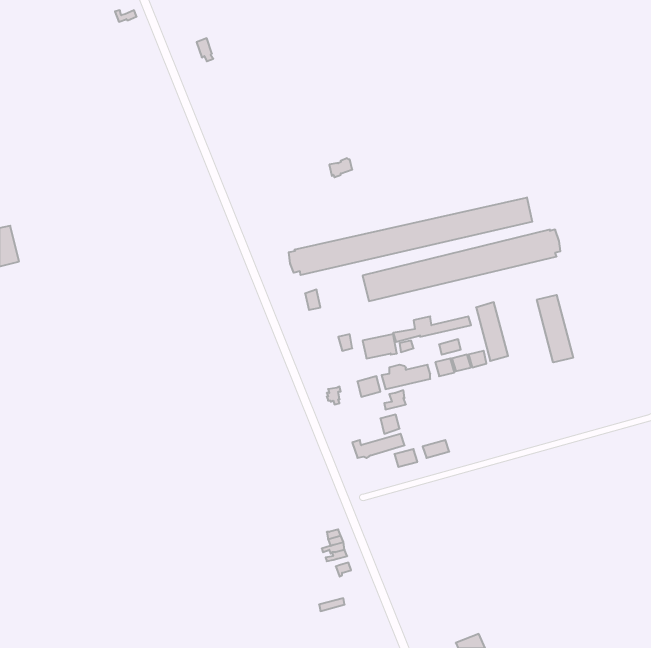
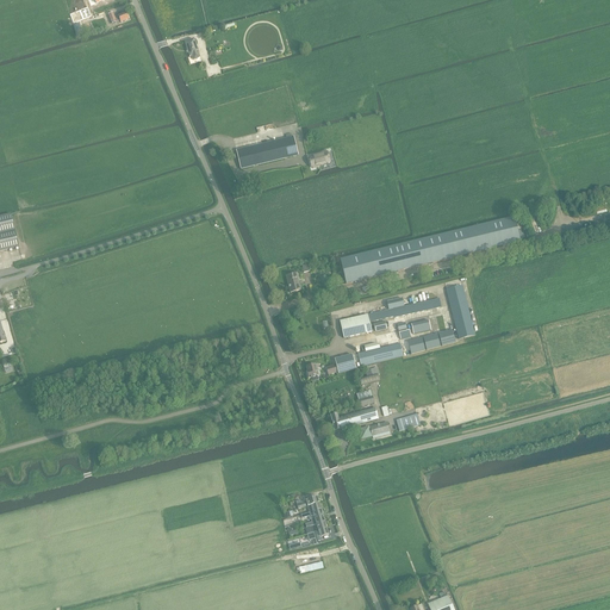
building: none -> [235,133,297,166]
building: [289,197,532,275] -> none
building: [537,295,573,362] -> none

